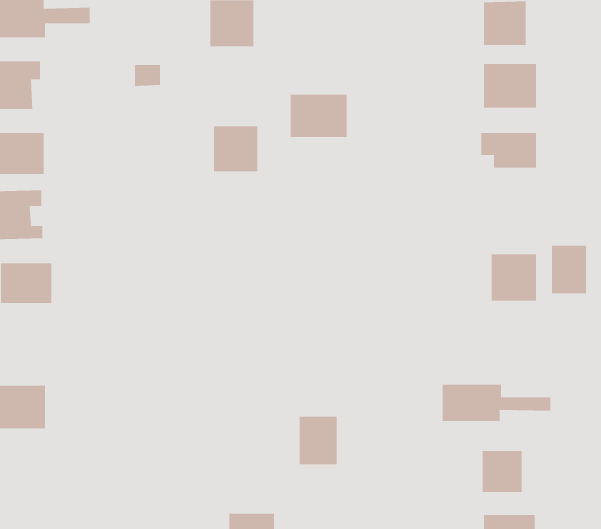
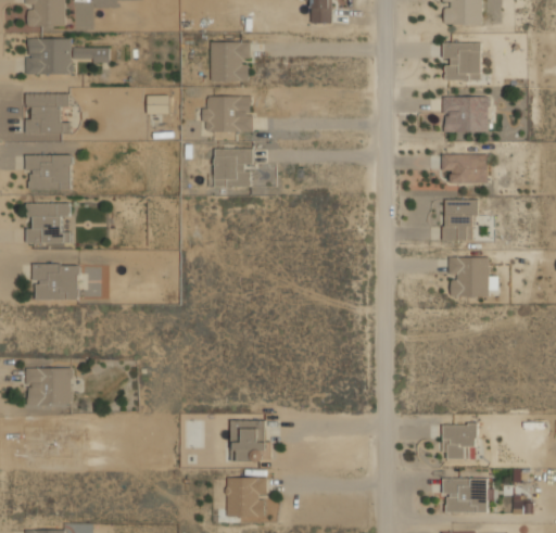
building: [290,94,347,138] -> [202,96,251,132]
building: [551,245,587,294] -> [443,201,473,242]
building: [442,384,551,422] -> none
building: [299,416,337,465] -> [232,421,265,462]

